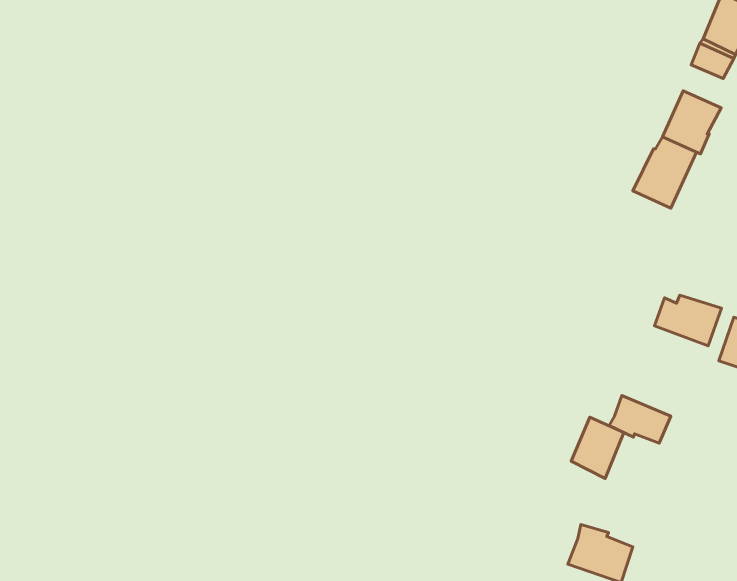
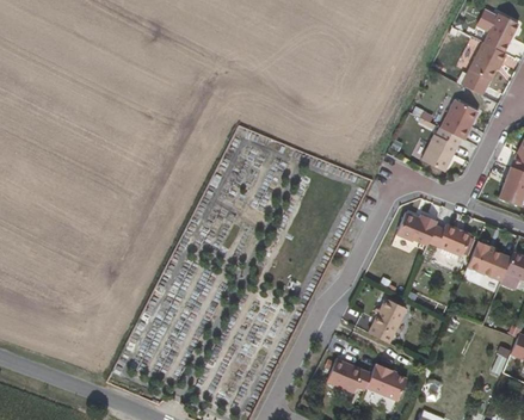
building: none -> [397,214,437,246]
building: [609,396,671,443] -> none
building: none -> [329,356,374,390]

